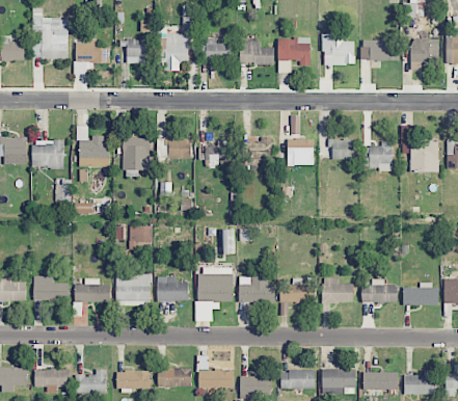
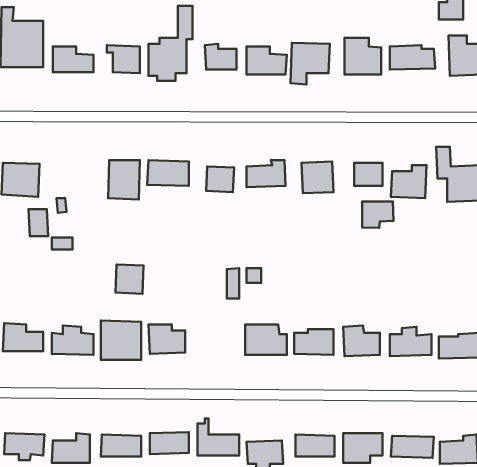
building: [79,135,109,166] -> none
building: none -> [362,202,394,228]
building: [198,267,233,302] -> none

